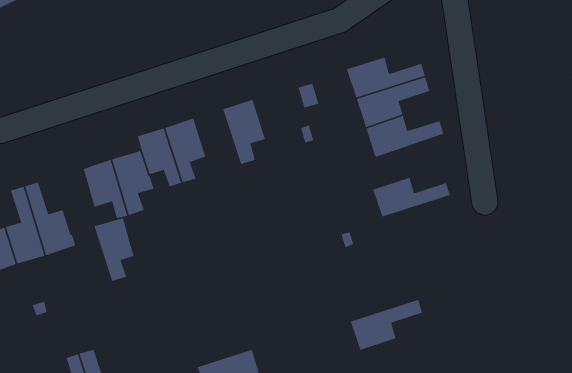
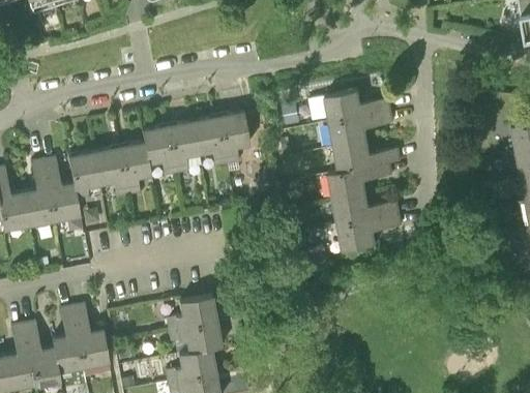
building: none -> [193,116,227,167]
building: none -> [330,162,392,199]
building: [94,217,135,283] -> [68,151,99,205]
building: [350,299,423,351] -> [340,212,402,249]
building: none -> [167,295,217,329]

